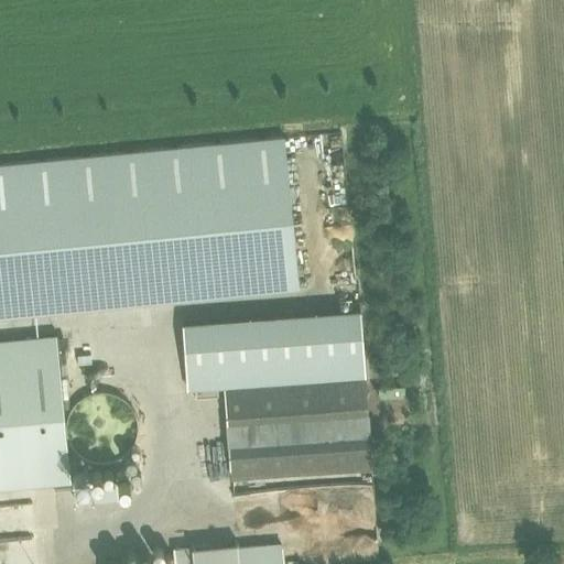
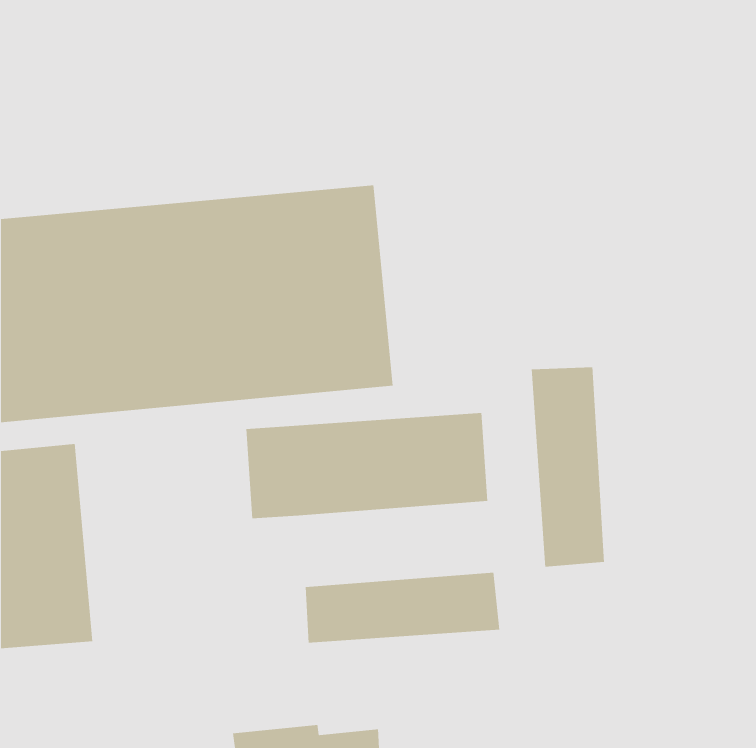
building: none -> [531,367,604,567]
building: [223,379,368,431] -> none

